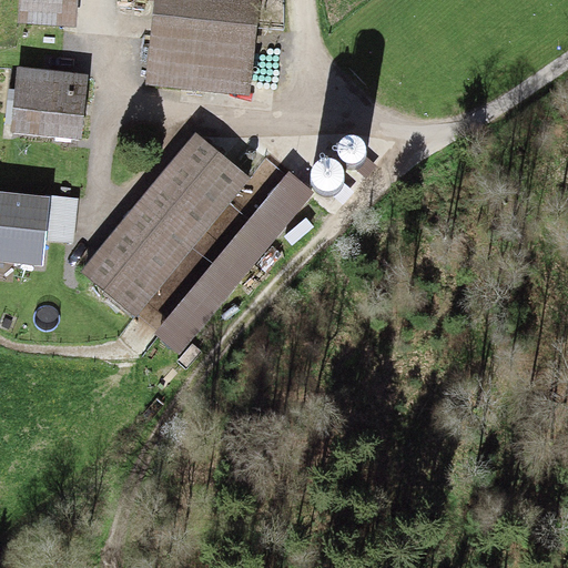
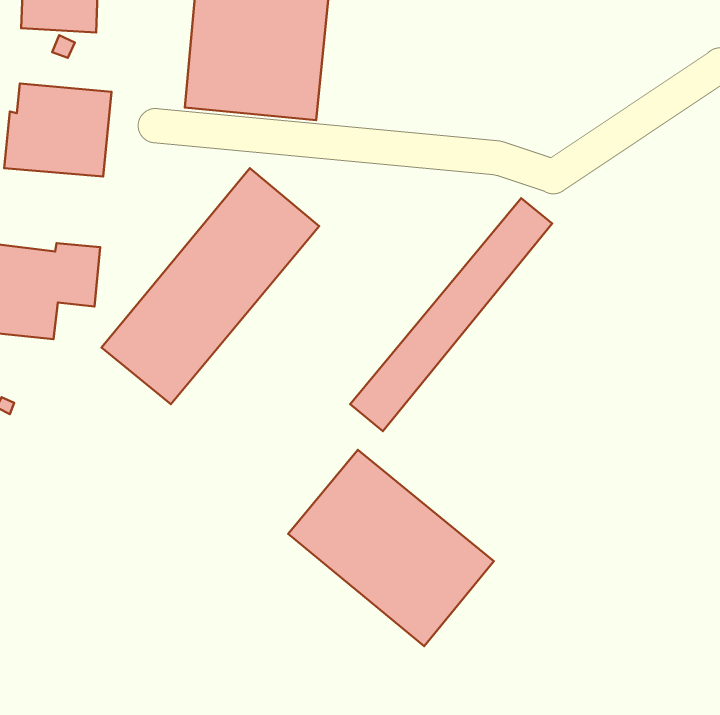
building: [154,171,313,354] -> [350,198,552,431]
building: none -> [288,450,494,646]

